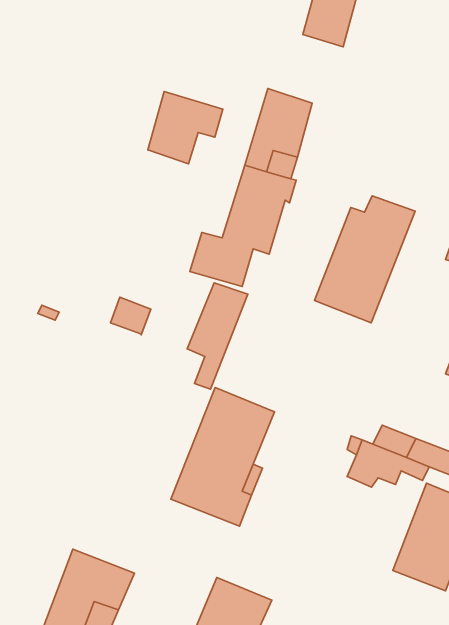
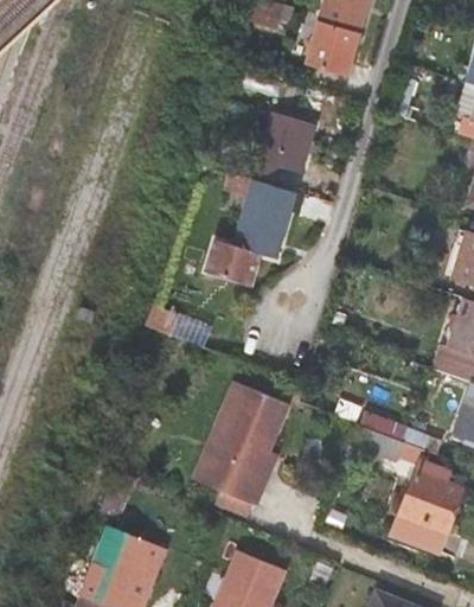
building: [148,92,223,164] -> none
building: [314,196,415,323] -> none
building: [187,283,248,389] -> none

